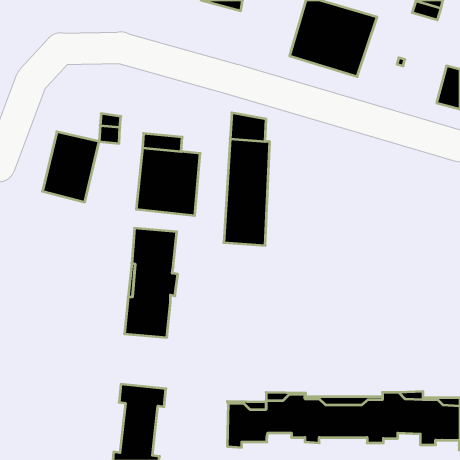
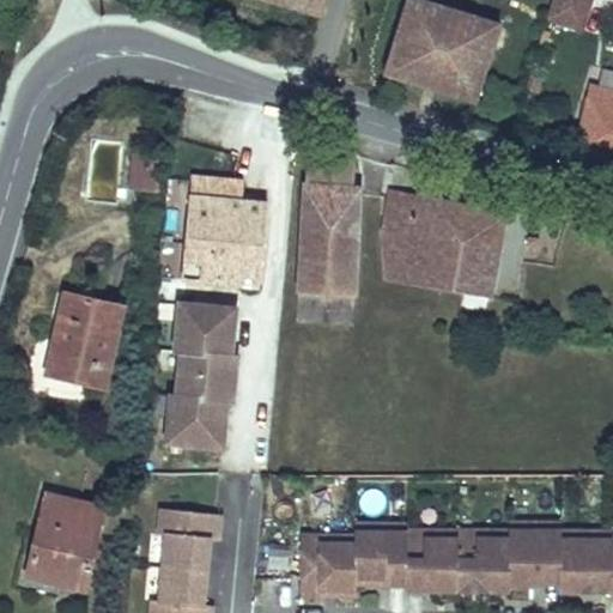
building: [42,132,99,202] -> [47,295,122,388]
building: none -> [383,194,504,298]
building: none -> [26,496,103,589]

